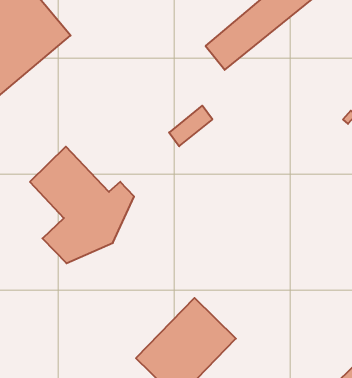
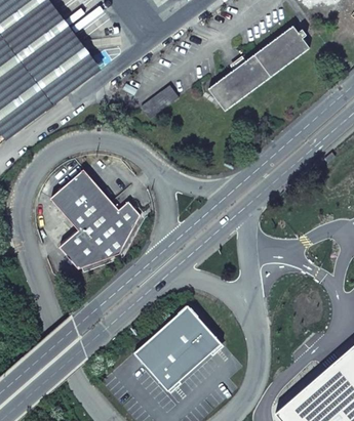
building: [169,106,212,146] -> [142,82,180,116]

